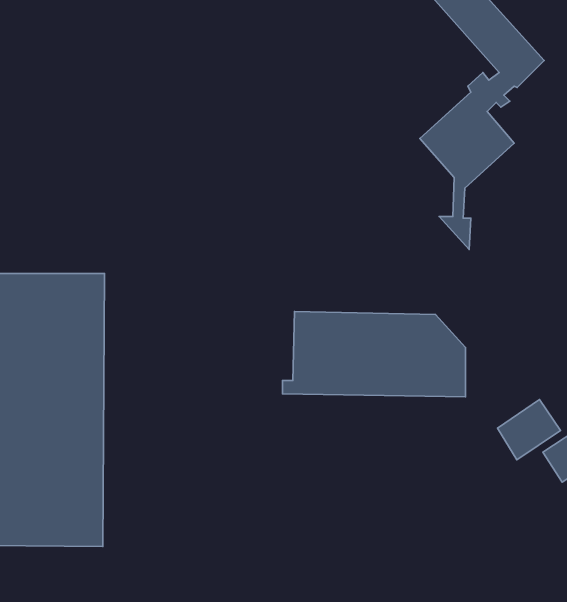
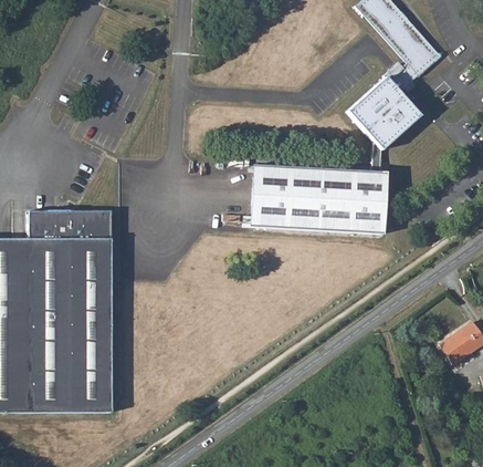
building: [282,311,466,397] -> [249,167,384,230]
building: [498,400,561,460] -> none

